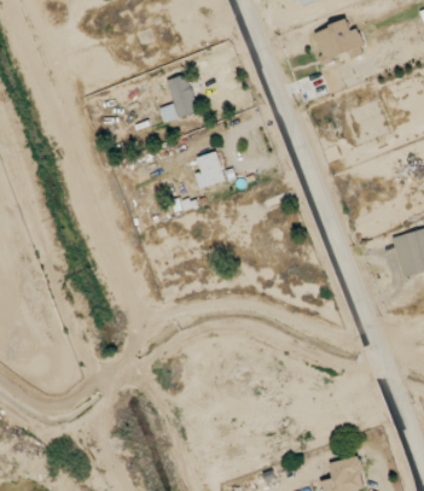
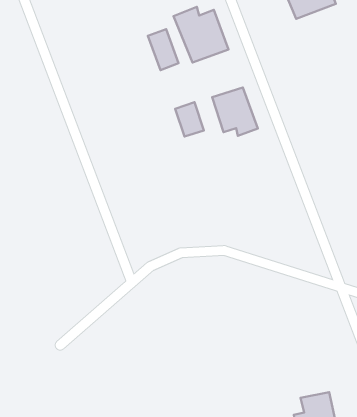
building: none -> [173,7,228,63]
building: none -> [212,88,258,136]

